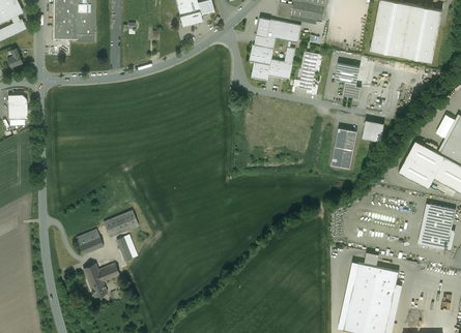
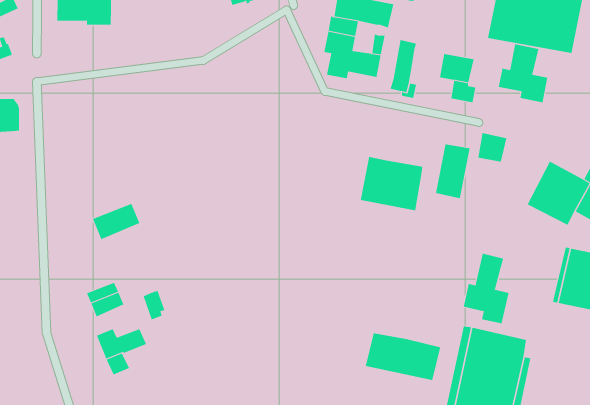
building: none -> [498,43,548,103]
building: none -> [360,156,423,211]
building: none -> [463,253,509,324]
building: [104,211,139,238] -> [92,203,140,240]
building: none -> [365,332,441,381]

